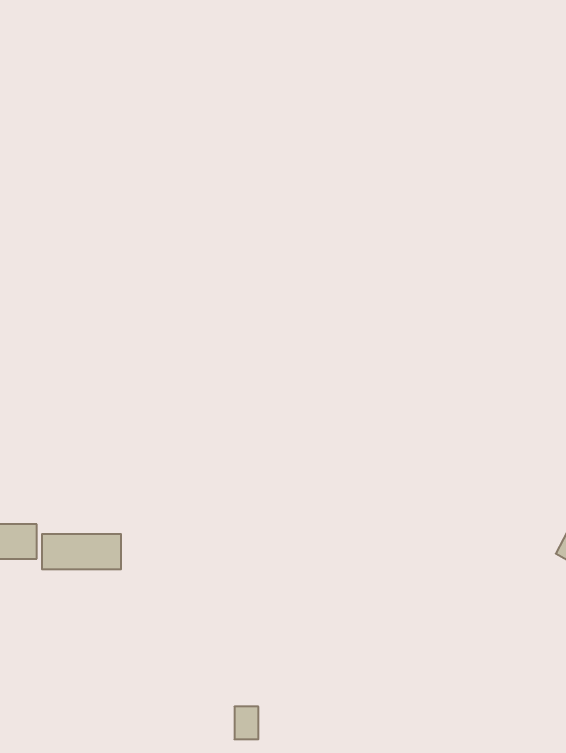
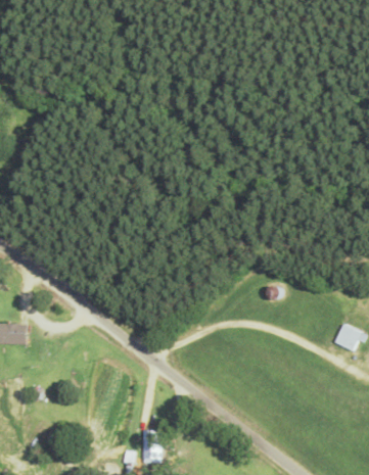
building: [42,534,121,569] -> none

